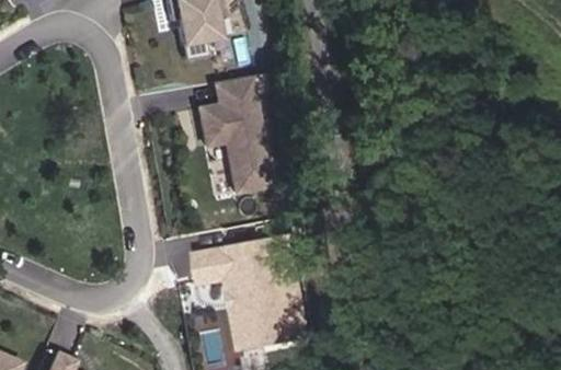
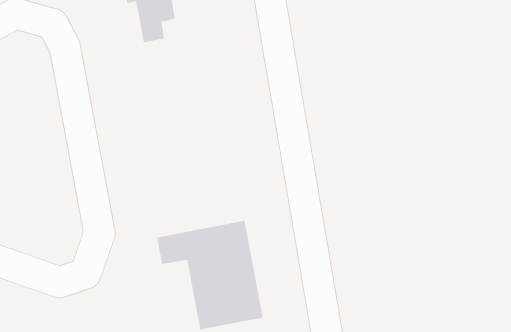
building: [198,74,273,189] -> none

